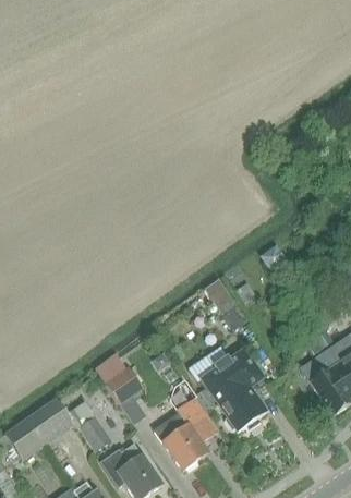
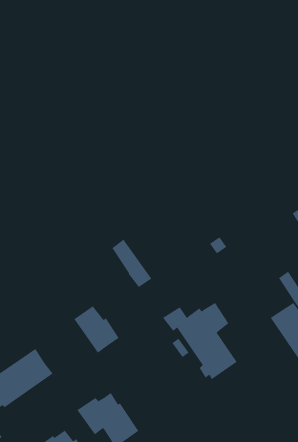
building: [205,279,247,330] -> [111,239,152,288]
building: [155,398,218,471] -> none
building: [65,401,112,451] -> none

